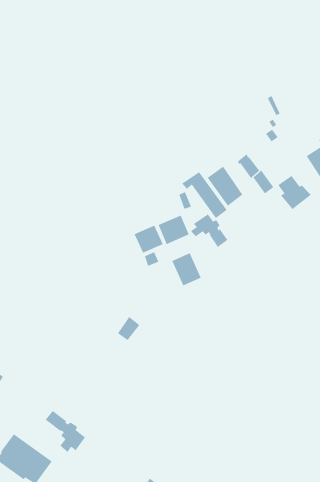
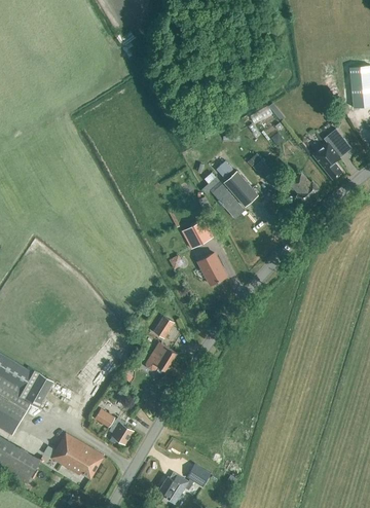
building: [190,213,228,248] -> none
building: [134,225,163,254] -> none
building: none -> [146,342,177,372]

